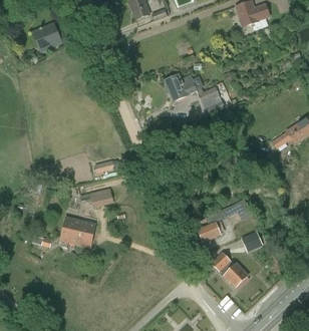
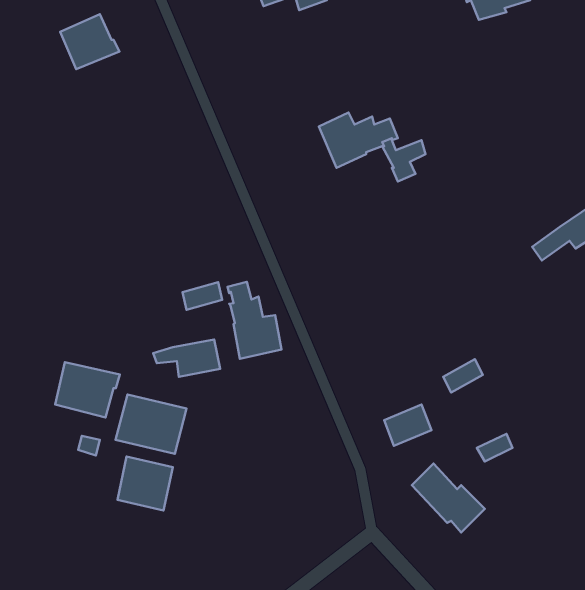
building: none -> [227,282,282,359]
building: none -> [55,362,120,417]
building: none -> [117,457,173,510]

